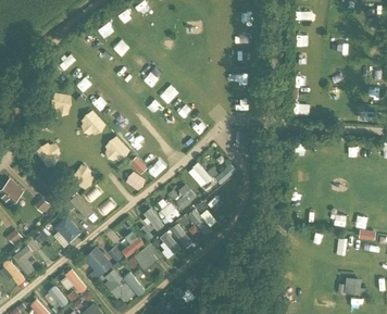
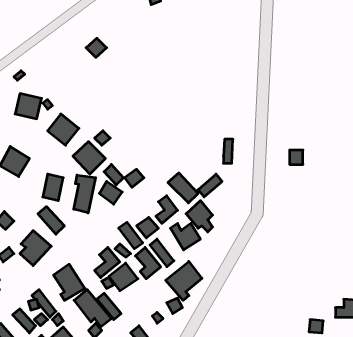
building: none -> [74,175,96,213]
building: none -> [166,261,202,300]

